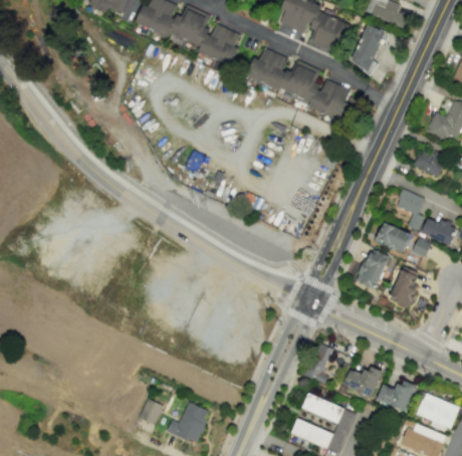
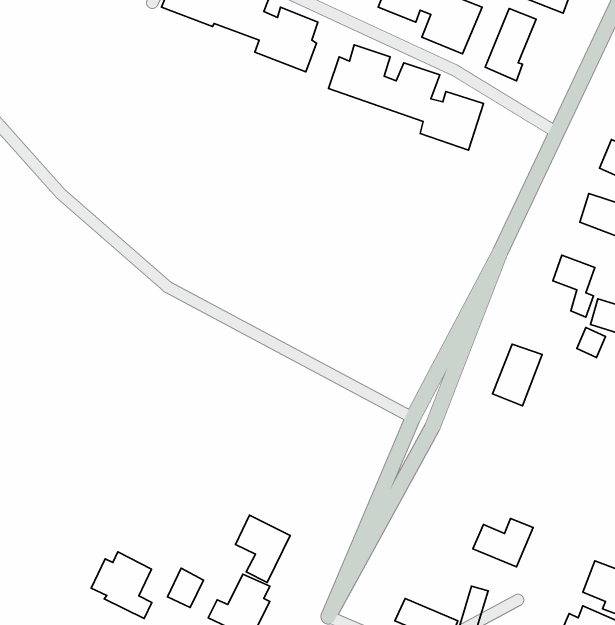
building: [375,223,411,254] -> none
building: [390,267,421,308] -> none
building: [304,344,332,386] -> none
building: none -> [235,515,290,583]
building: [376,380,415,412] -> none
building: none -> [91,552,152,618]
building: [301,394,343,424] -> none

